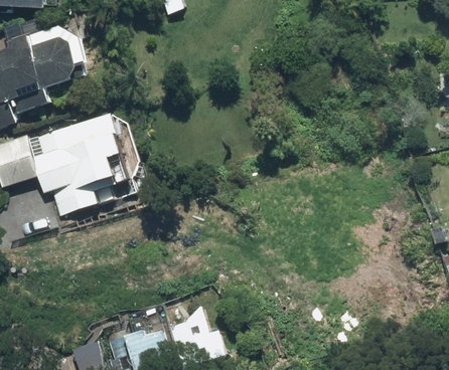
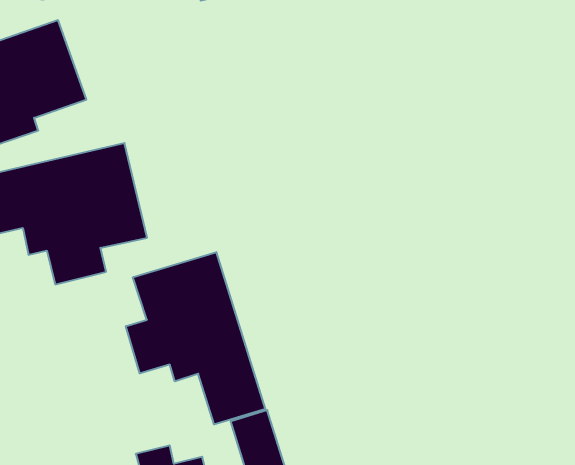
building: none -> [126,252,265,424]

